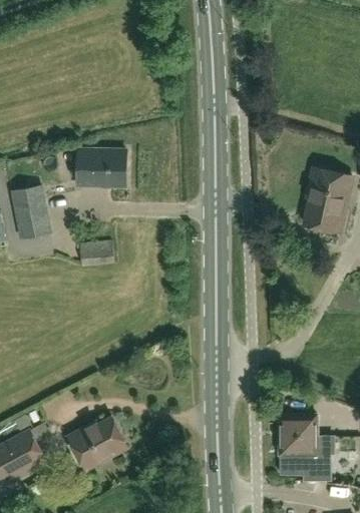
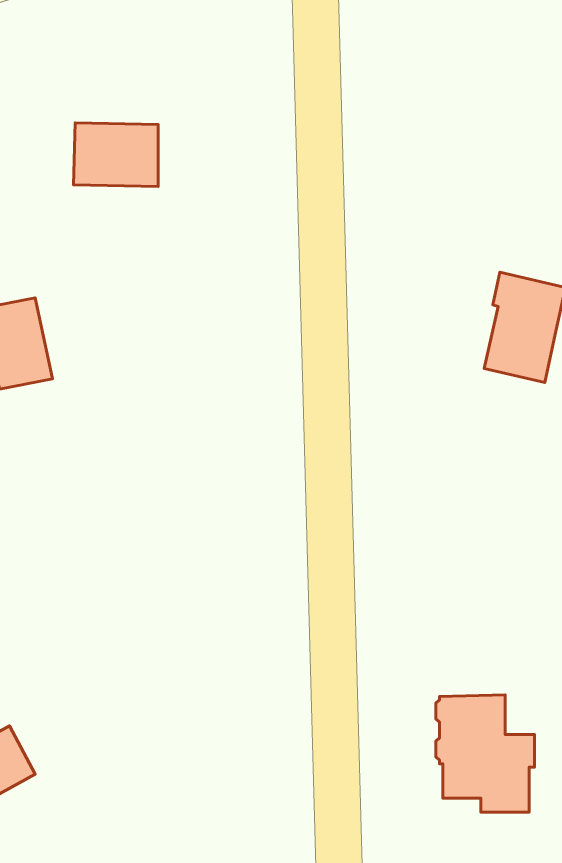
building: [76,149,125,186] -> [73,123,158,187]
building: [80,240,114,267] -> none
building: [68,418,126,469] -> none

